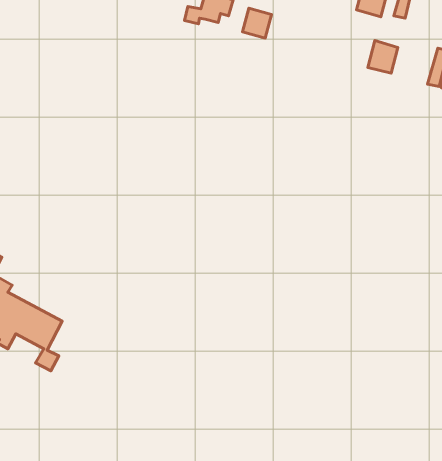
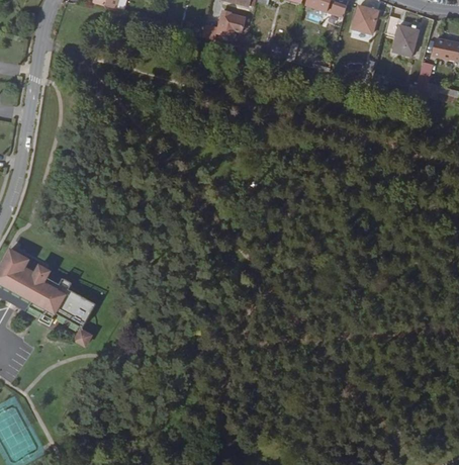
building: [243,8,271,38] -> none
building: [368,41,398,73] -> [393,23,420,52]

